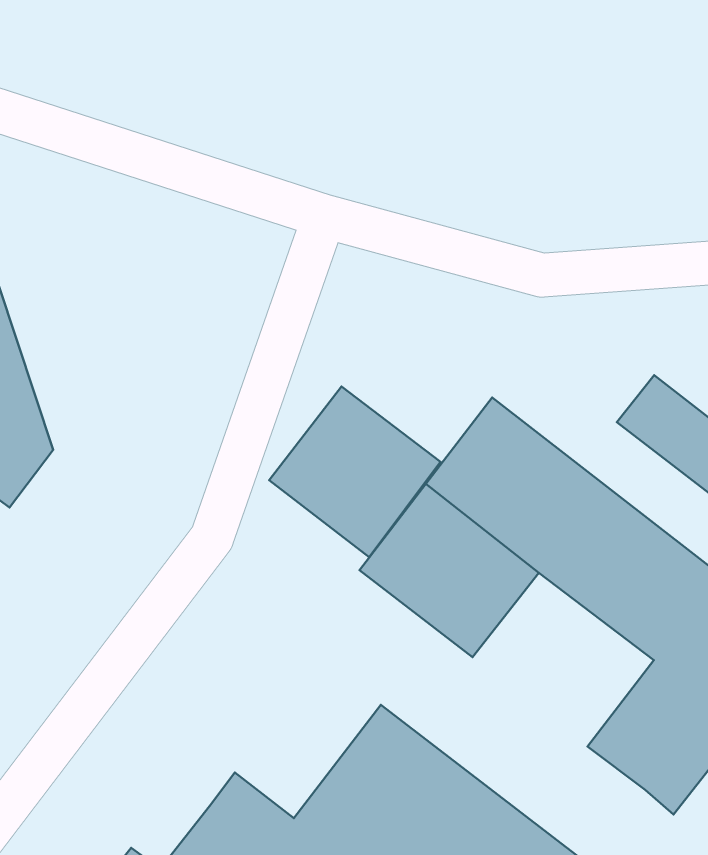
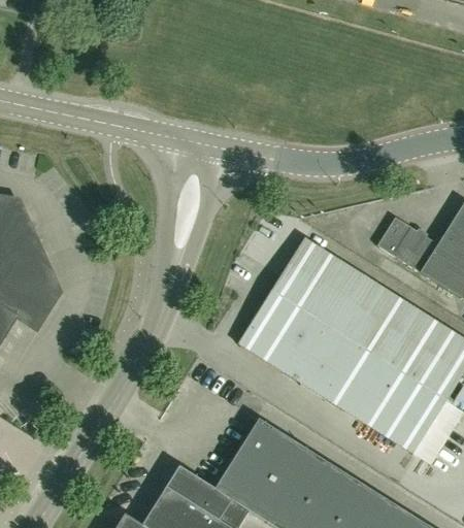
building: [269,386,441,557] -> none
building: none -> [307,335,410,431]

